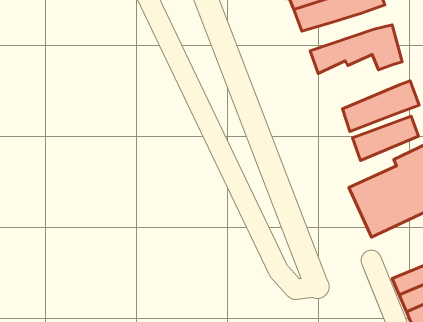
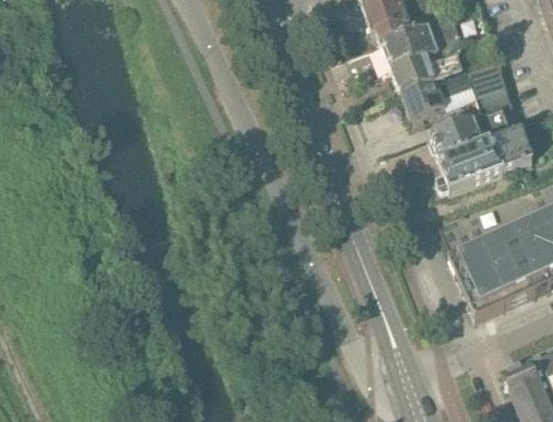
building: none -> [391,51,479,92]
building: [353,116,418,160] -> [431,108,510,162]

